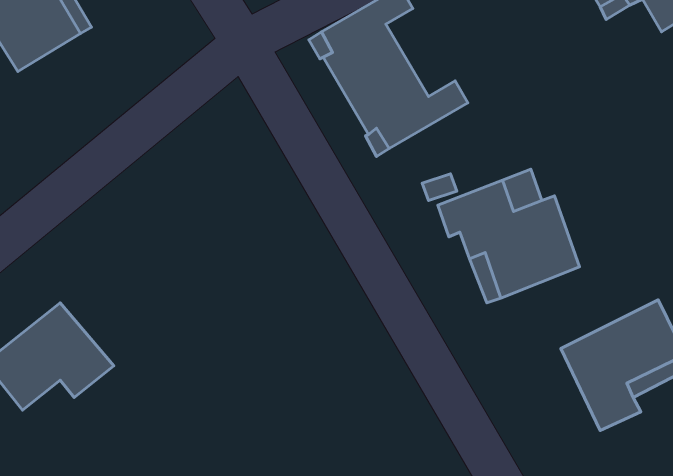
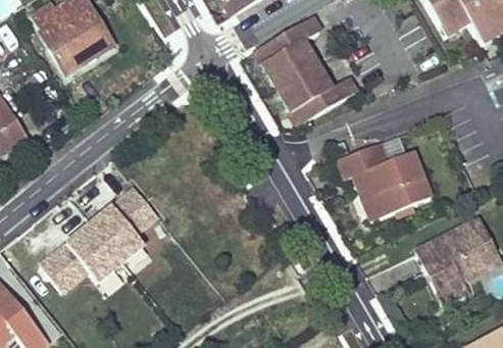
building: none -> [92,185,161,261]

